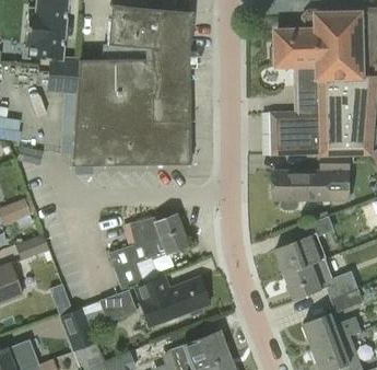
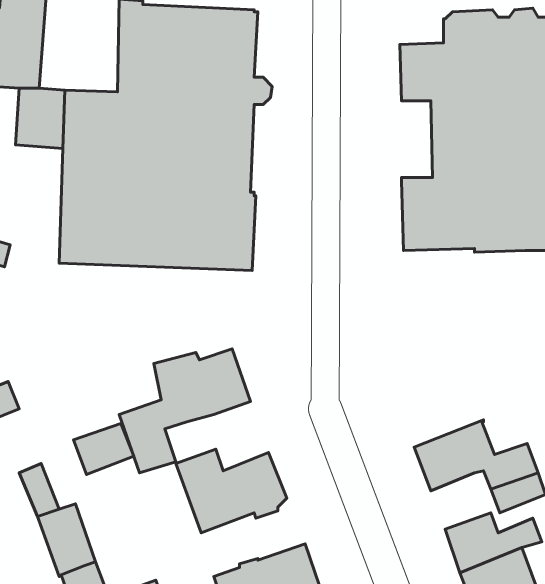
building: [272,155,353,211] -> none
building: [276,216,337,274] -> none
building: [101,291,137,322] -> [74,423,134,474]

